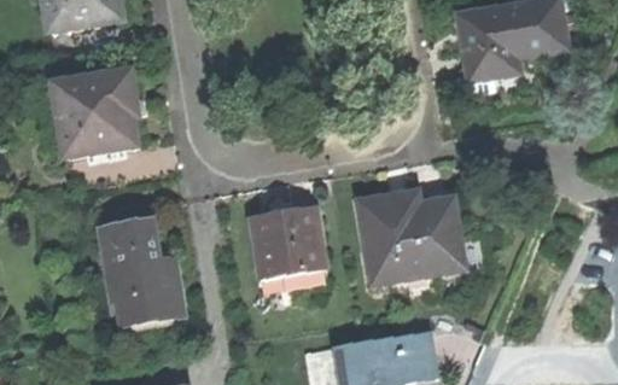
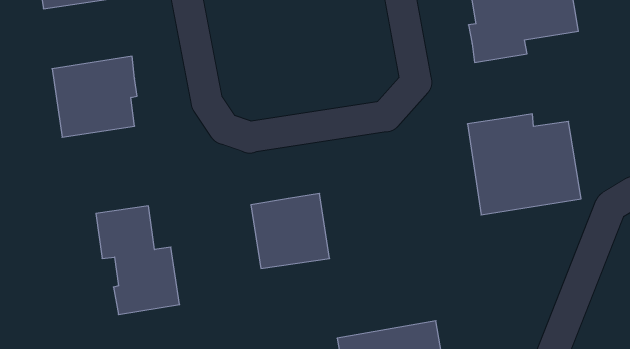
building: [355,187,465,285] -> [467,114,581,215]

